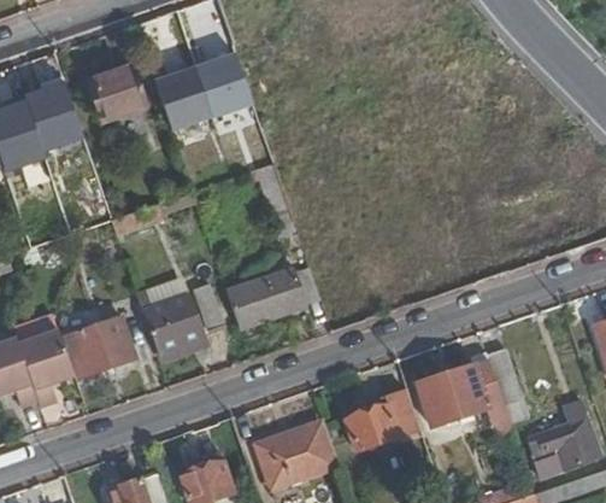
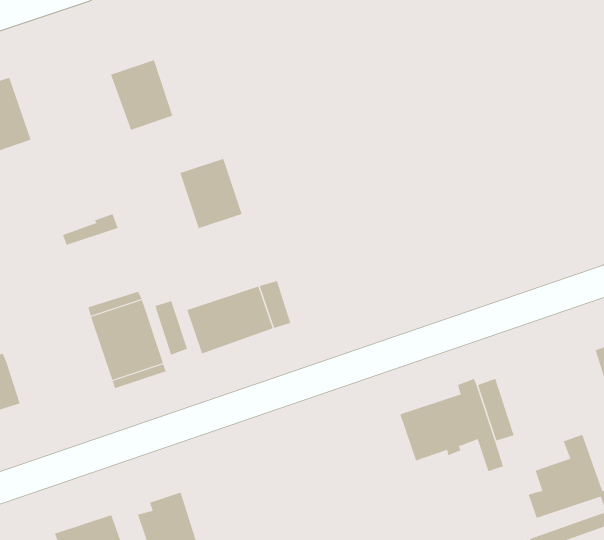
building: [195,51,252,115] -> [180,158,242,229]
building: [87,66,145,119] -> none
building: [63,324,135,379] -> none
building: [343,390,418,451] -> none
building: [255,423,333,487] -> none

